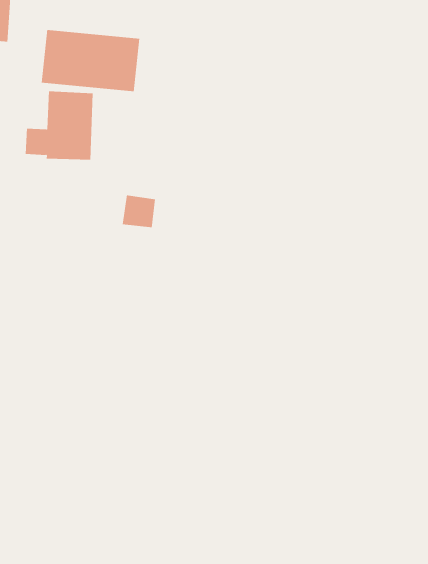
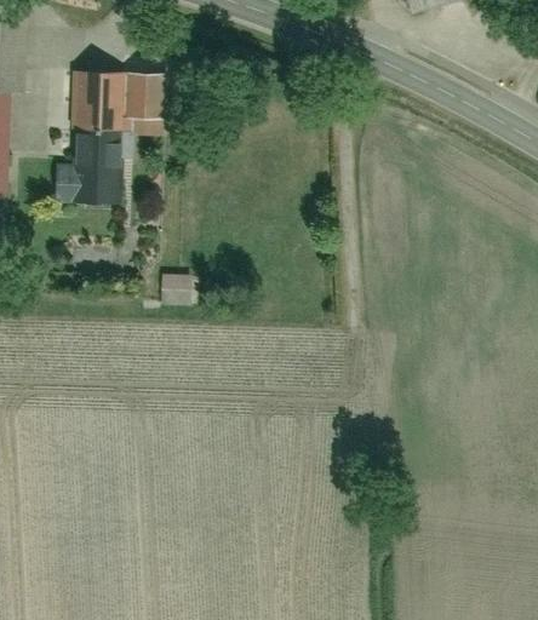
building: [122,195,156,228] -> [159,276,190,306]

